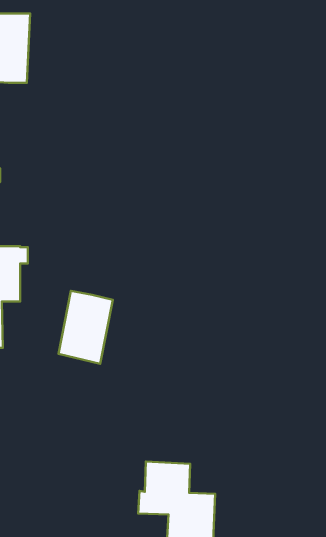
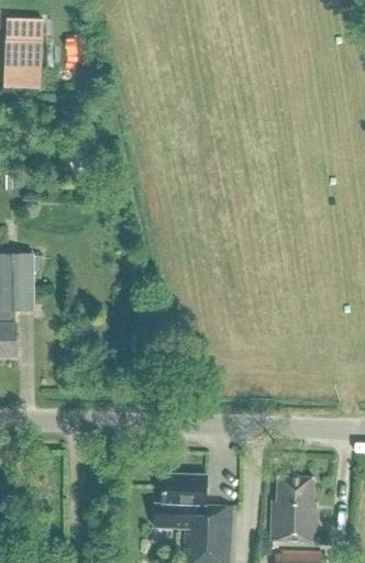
building: [58,291,113,364] -> none
building: none -> [270,476,317,539]

